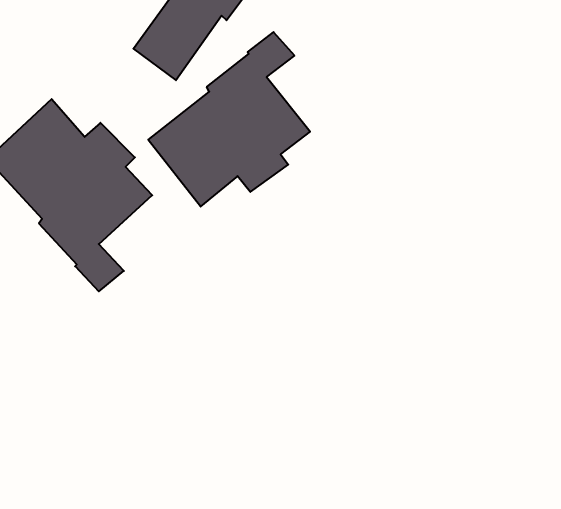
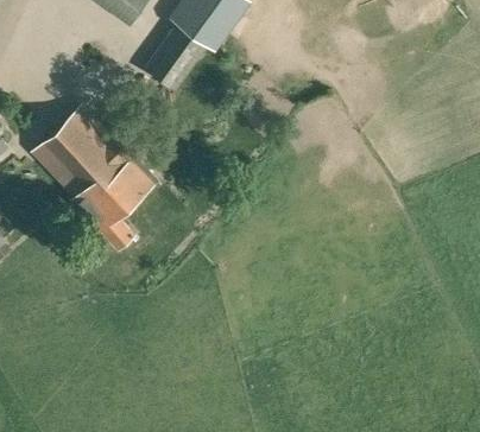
building: [148,32,310,207] -> none

